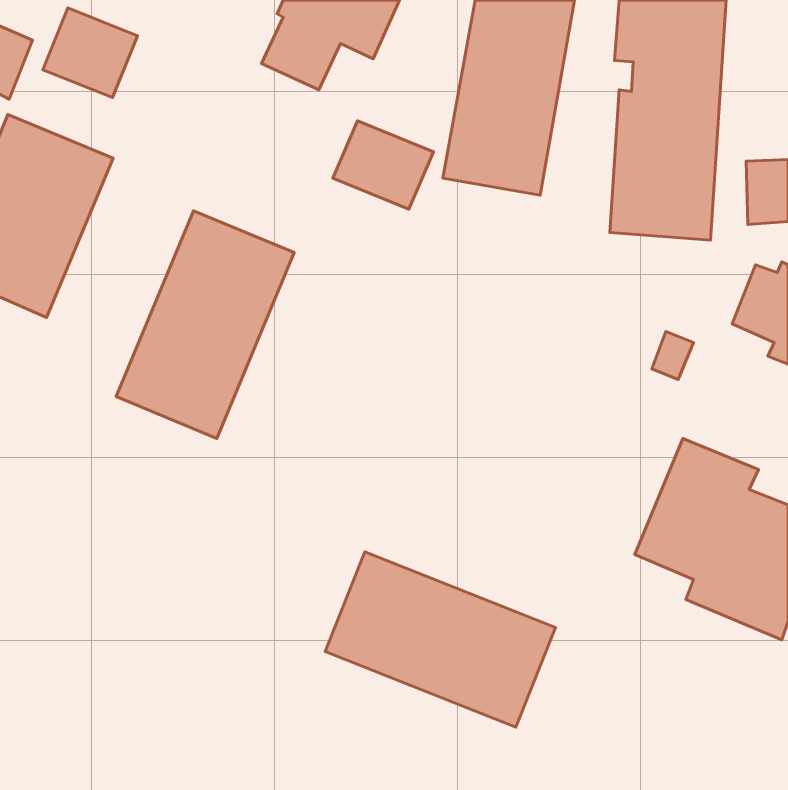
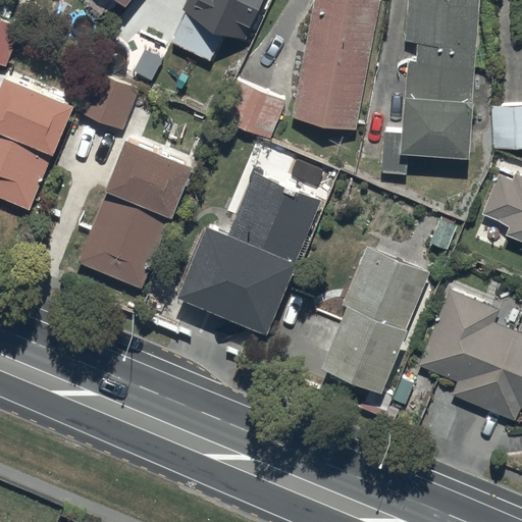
building: [43,8,137,98] -> [76,70,139,129]
building: none -> [177,173,321,334]
building: none -> [323,247,430,393]
building: [325,552,556,727] -> none

